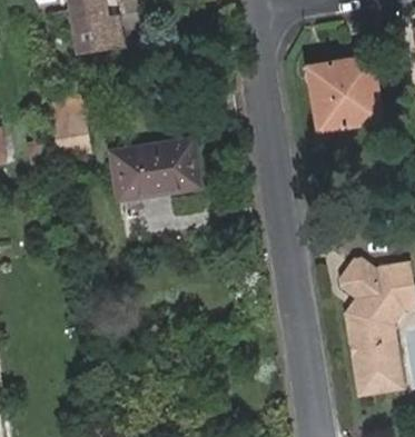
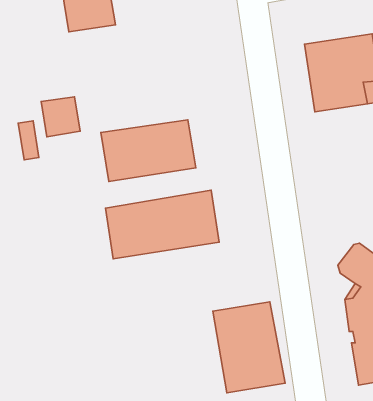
building: none -> [106,190,219,259]
building: none -> [213,302,285,393]

